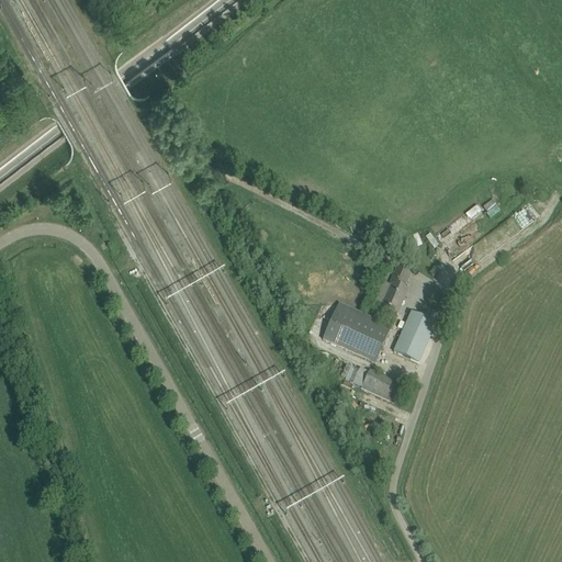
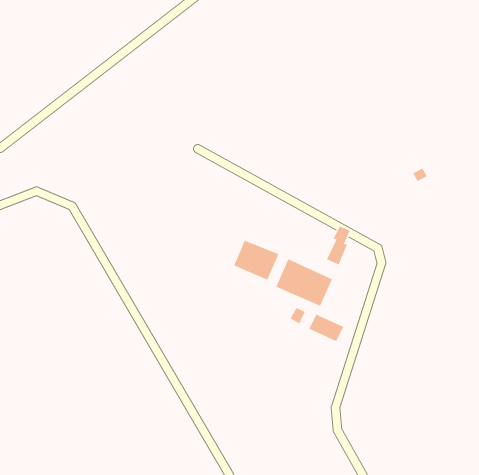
building: none -> [233,240,279,281]
building: [392,310,434,360] -> none

